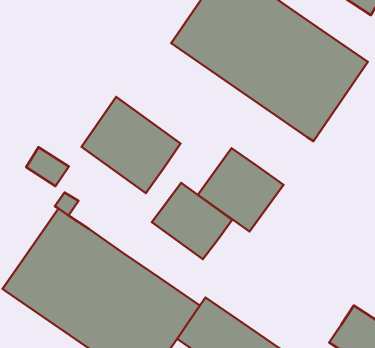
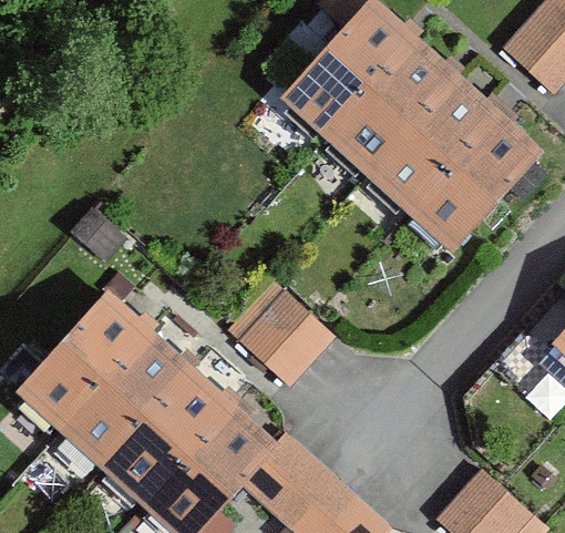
building: [81,97,181,193] -> none
building: [198,148,283,232] -> none

